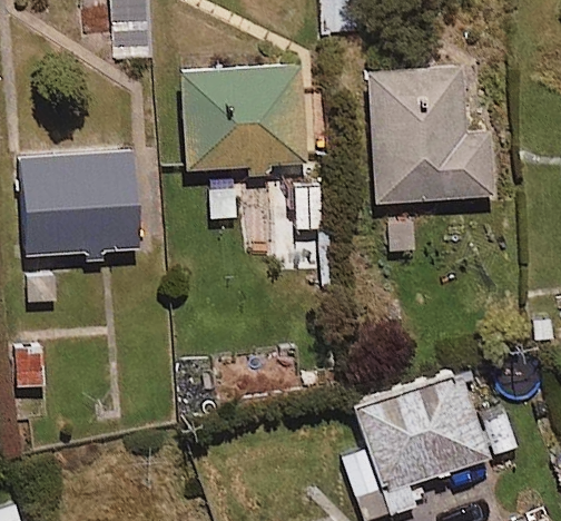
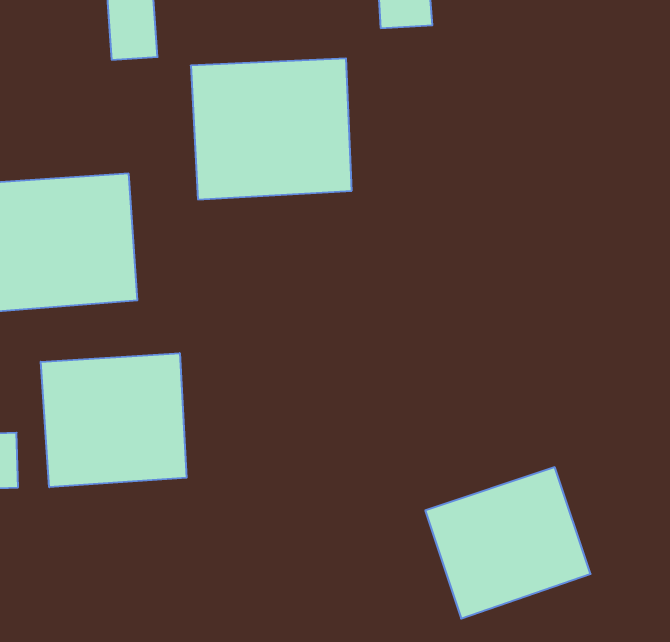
building: [367,67,494,204] -> none
building: none -> [41,353,187,487]

